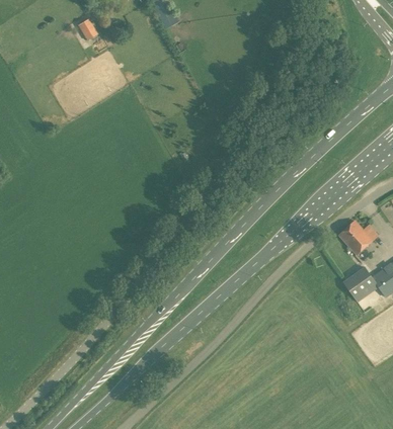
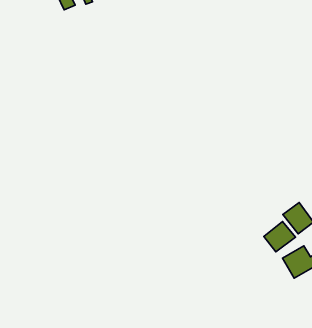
building: none -> [264,222,295,252]

